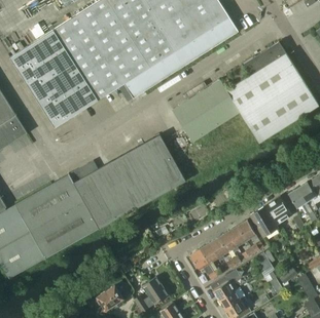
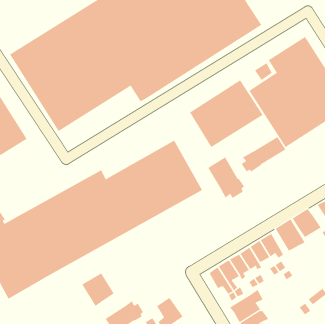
building: none -> [241,136,286,172]
building: none -> [207,157,245,199]
building: none -> [81,272,115,307]

